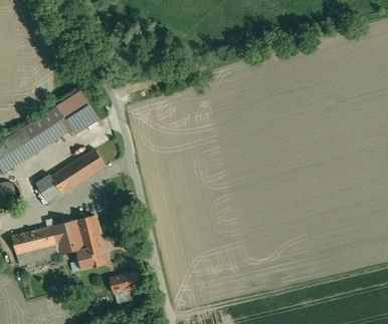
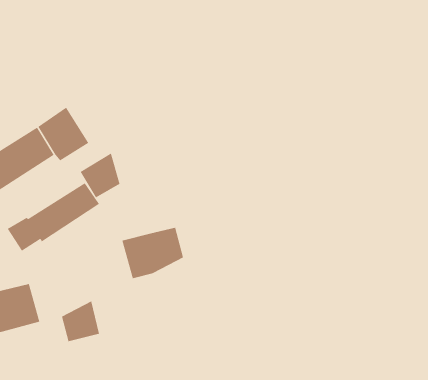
building: none -> [80,152,120,198]
building: [52,216,100,255] -> [121,227,184,279]
building: [110,272,141,294] -> none

